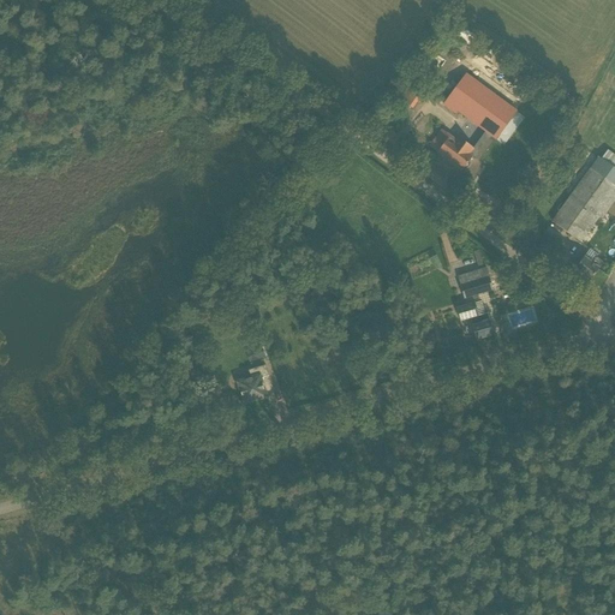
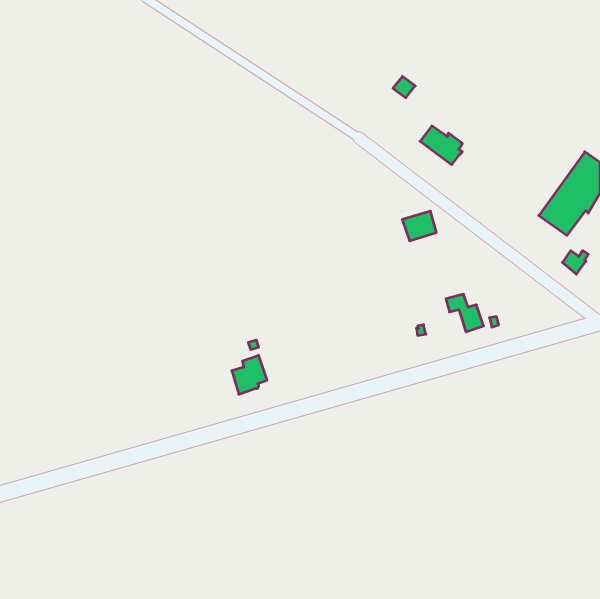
building: [442,72,515,138] -> none
building: [456,267,491,297] -> [402,211,436,241]

